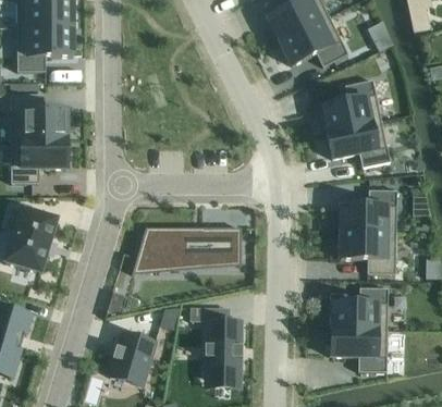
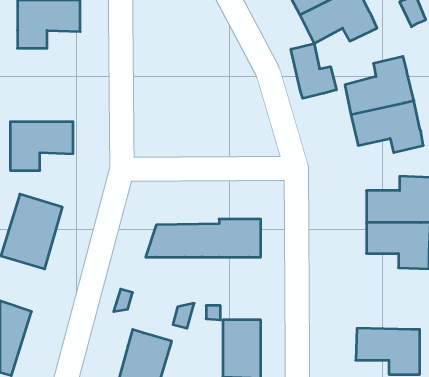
building: none -> [291,43,336,98]
building: [12,94,70,138] -> none
building: [330,286,388,329] -> none

